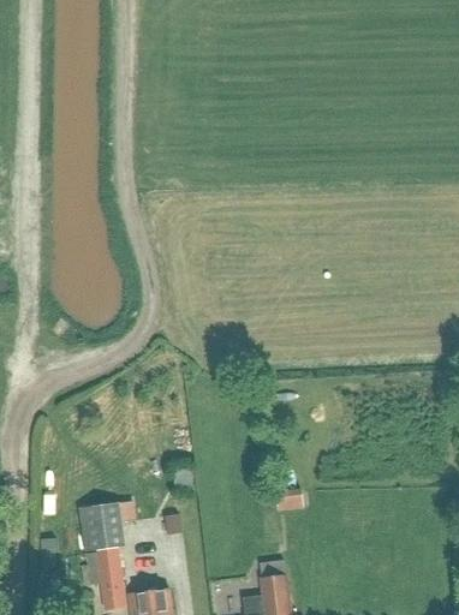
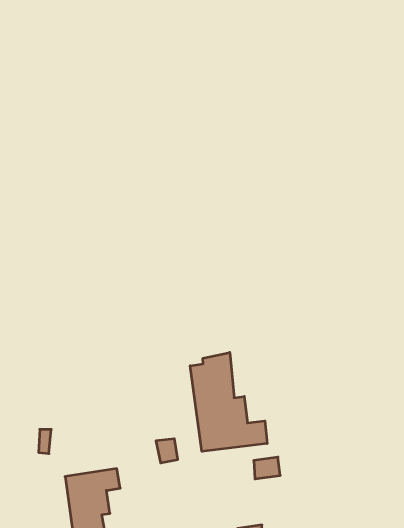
building: none -> [190,352,267,451]

